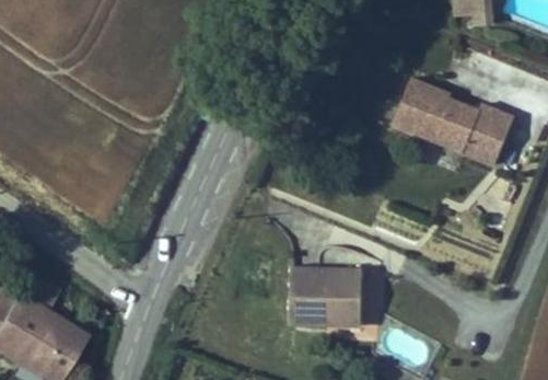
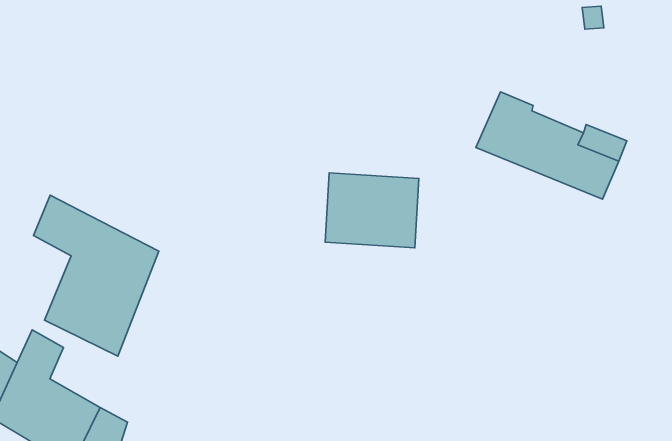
building: none -> [34,195,159,356]
building: [294,269,370,330] -> [325,173,419,248]

